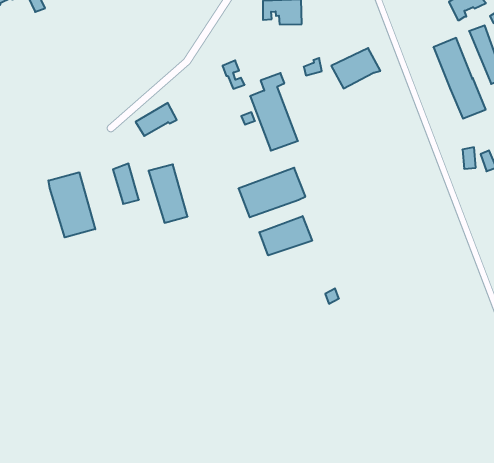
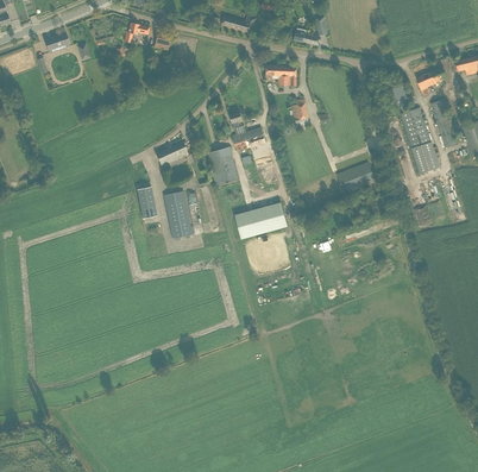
building: [331,48,380,88] -> [337,162,376,193]
building: none -> [207,145,239,184]
building: [48,172,95,237] -> none
building: [259,216,312,255] -> none

